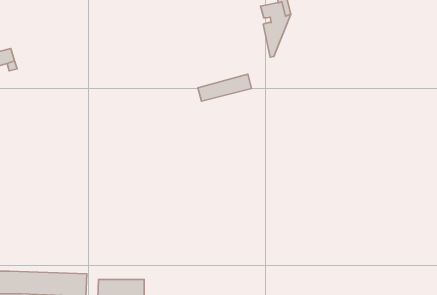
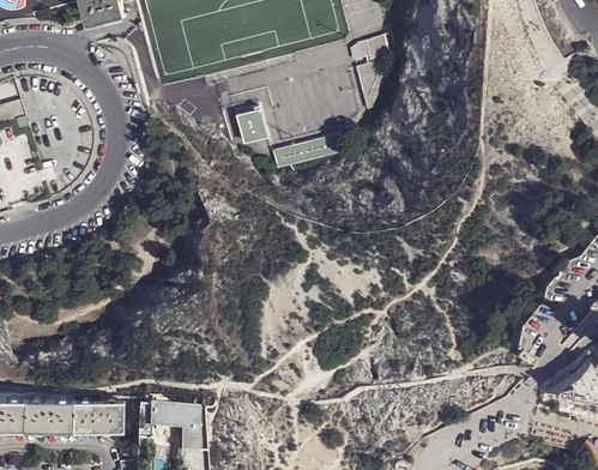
building: none -> [234,107,267,144]

